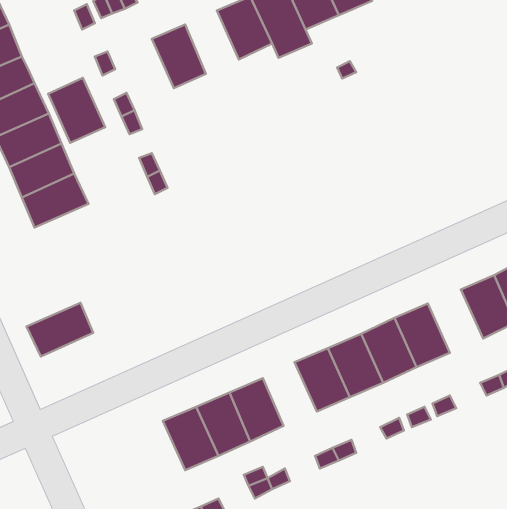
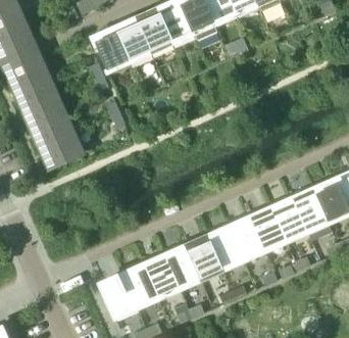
building: none -> [138,8,172,49]
building: [48,78,105,143] -> [94,27,131,68]
building: none -> [294,188,330,229]
building: [27,303,93,357] -> [41,133,84,167]
building: none -> [188,235,222,276]
building: none -> [101,273,138,315]

